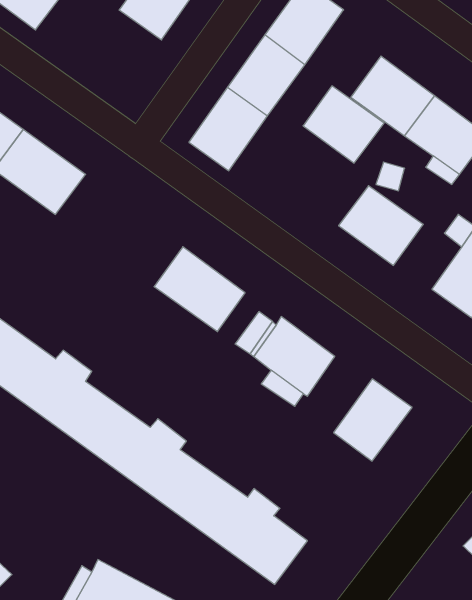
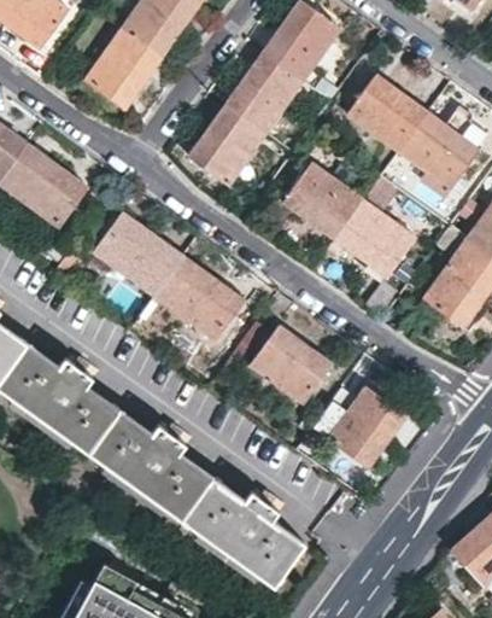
building: none -> [84,29,162,109]
building: [303,86,384,163] -> [283,163,362,238]
building: none -> [93,214,182,297]

